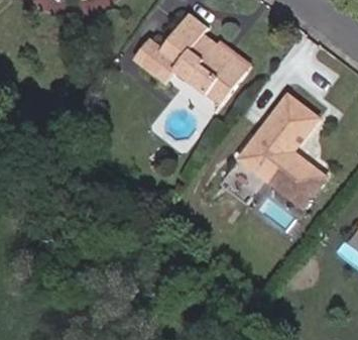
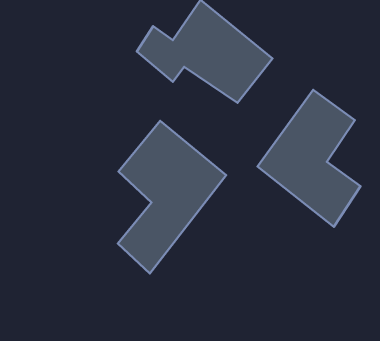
building: none -> [118,121,226,273]

